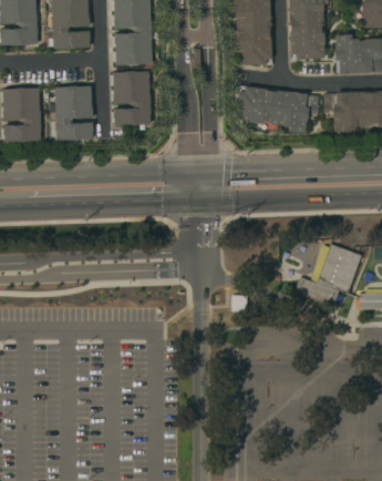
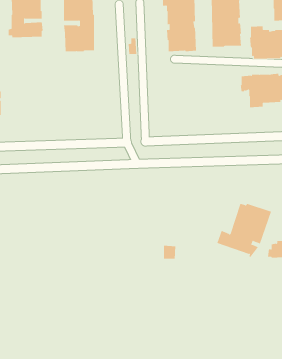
building: [113,71,152,125] -> none
building: [55,85,94,140] -> none
building: [237,85,319,133] -> none

